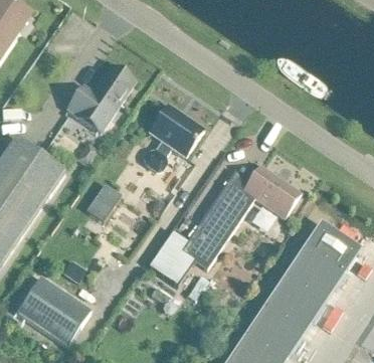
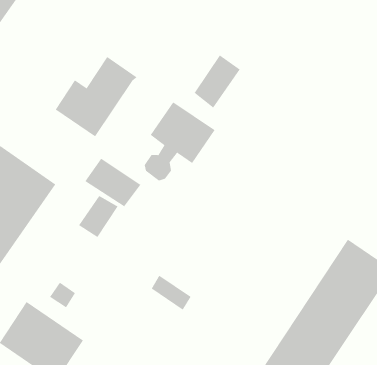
building: none -> [194,55,240,109]
building: none -> [85,158,141,207]
building: [179,166,299,268] -> none

